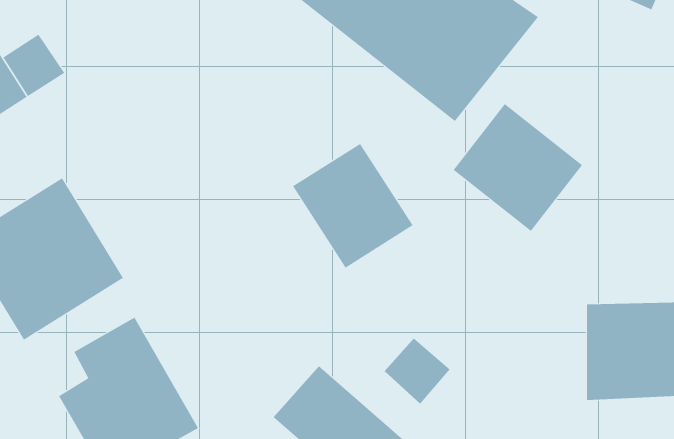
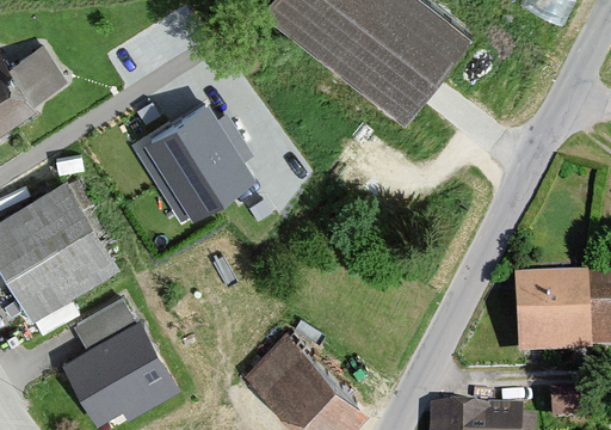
building: [453,103,583,232] -> none
building: [292,143,413,268] -> [150,102,254,209]
building: [384,337,451,405] -> none

